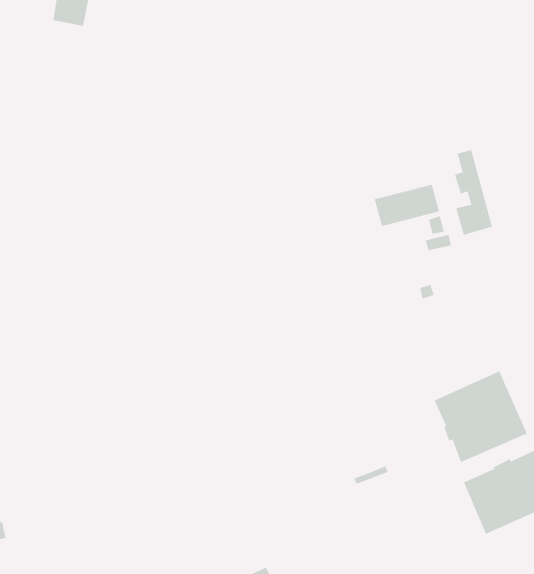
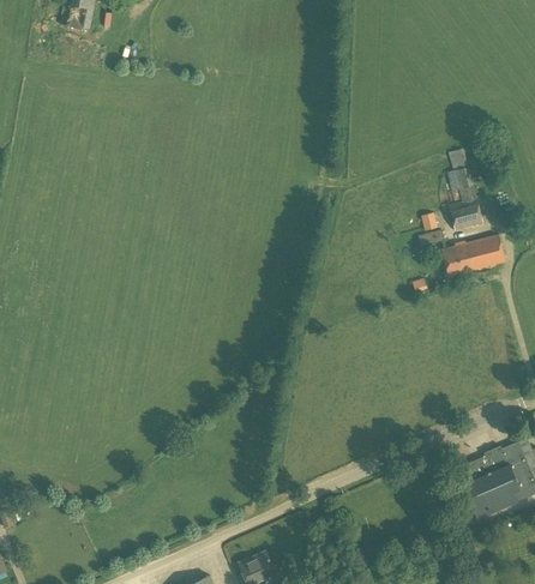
building: [374,184,440,227] -> [441,235,505,276]
building: [434,370,528,463] -> none

